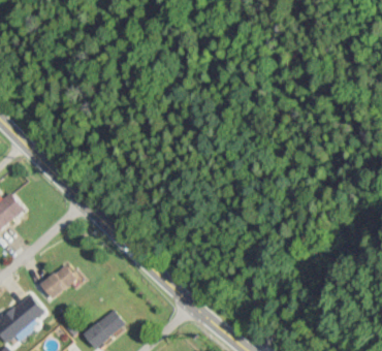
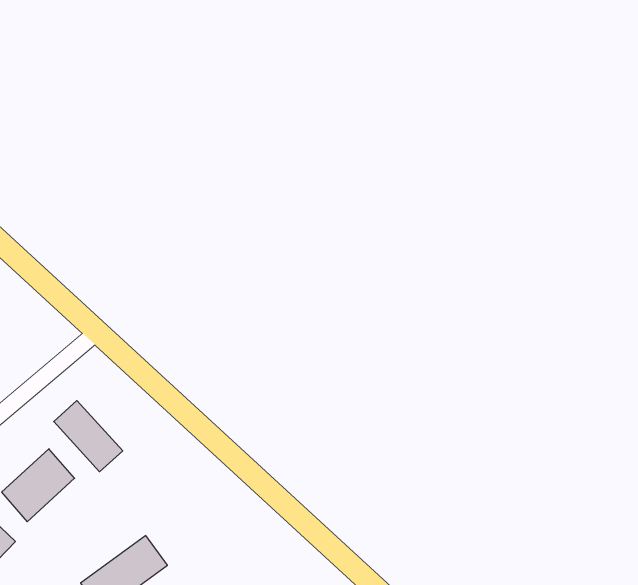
building: none -> [54,401,123,472]

